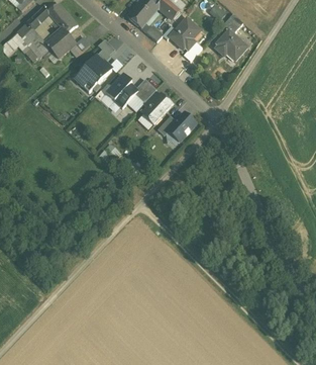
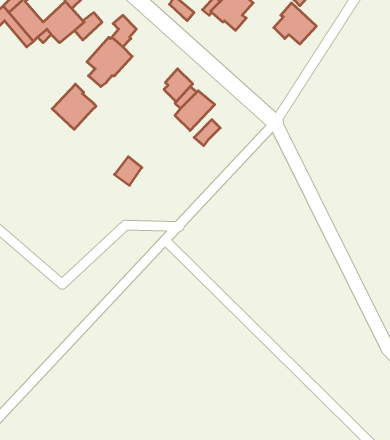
building: [106,73,138,106] -> [52,84,96,129]
building: [169,111,196,140] -> none

